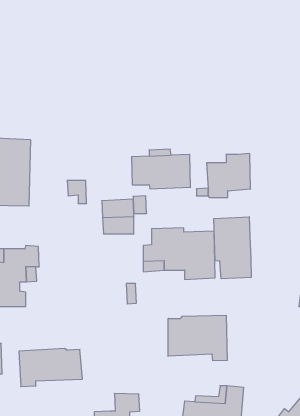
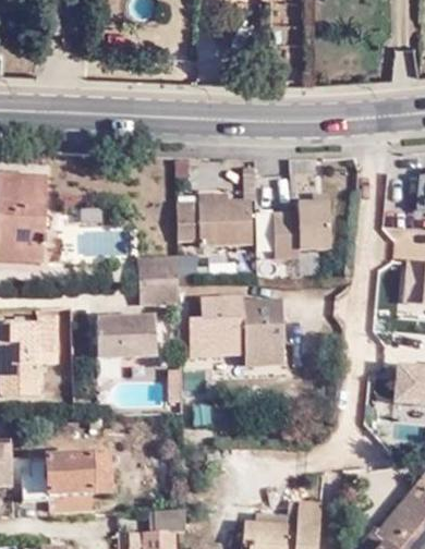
building: [214,217,251,279] -> none
building: none -> [99,317,158,357]
building: [168,315,227,361] -> none

